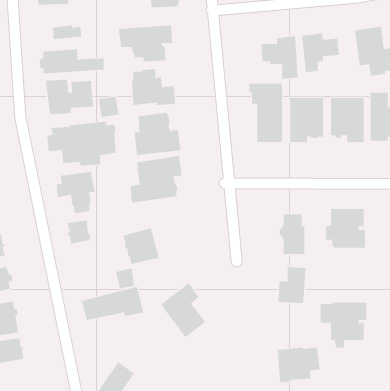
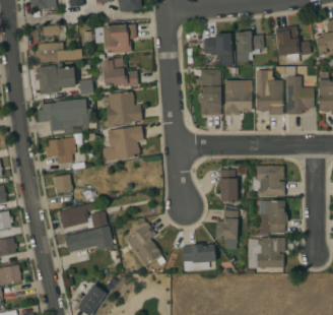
building: [122,228,159,264] -> [59,205,87,234]
building: none -> [259,200,287,233]
building: [277,347,320,383] -> [183,244,216,271]

